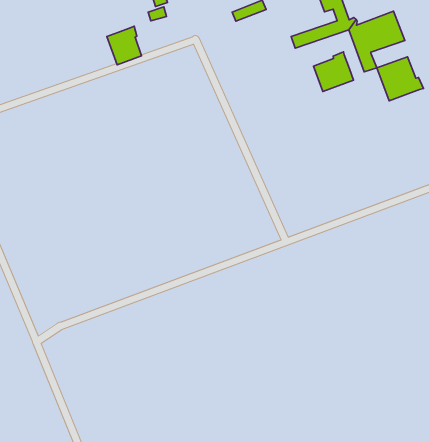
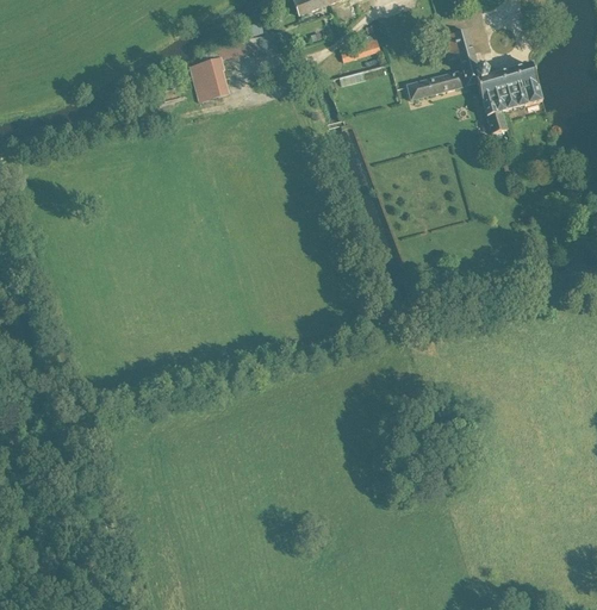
building: [314,52,353,91] -> none
building: [377,57,423,101] -> none

